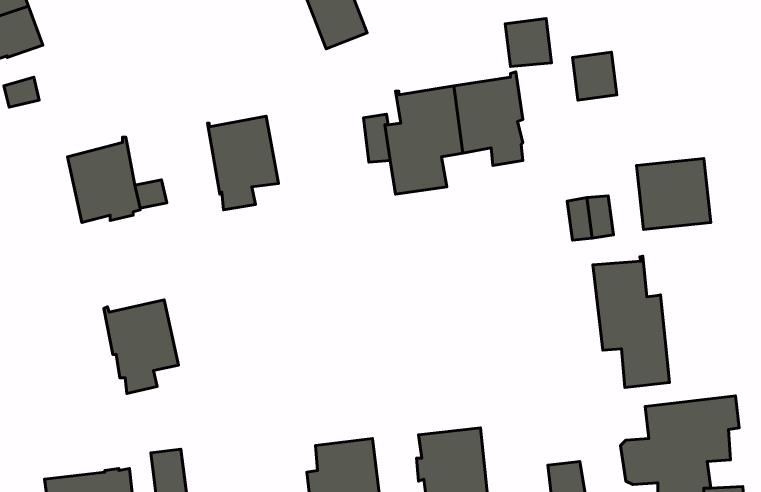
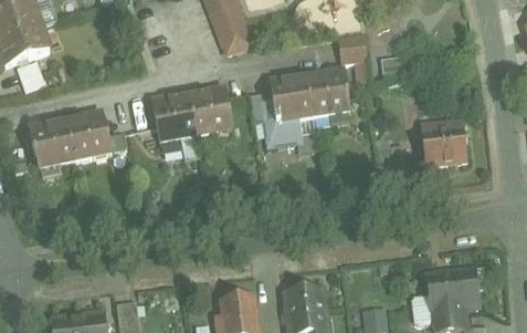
building: none -> [189,84,233,142]
building: [593,256,670,387] -> none
building: [104,300,178,394] -> [28,118,74,177]

